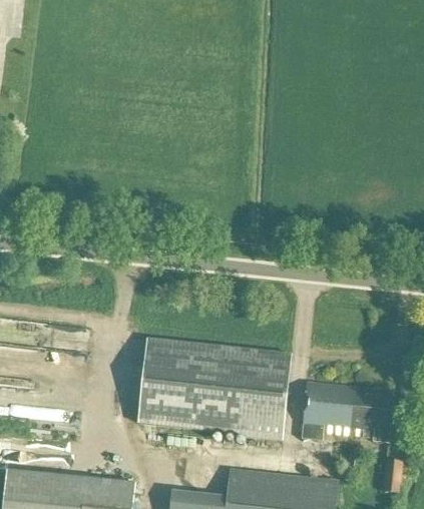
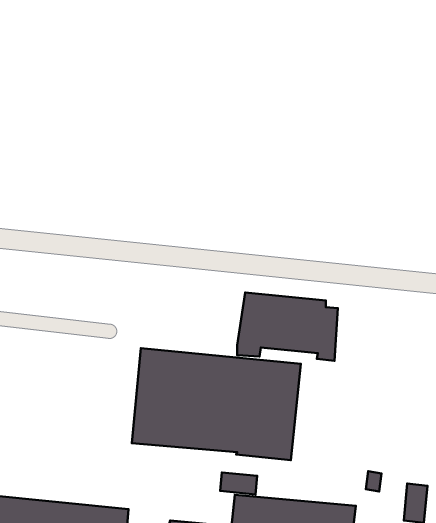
building: [302,382,392,443] -> [237,293,338,361]
building: none -> [220,473,257,494]

